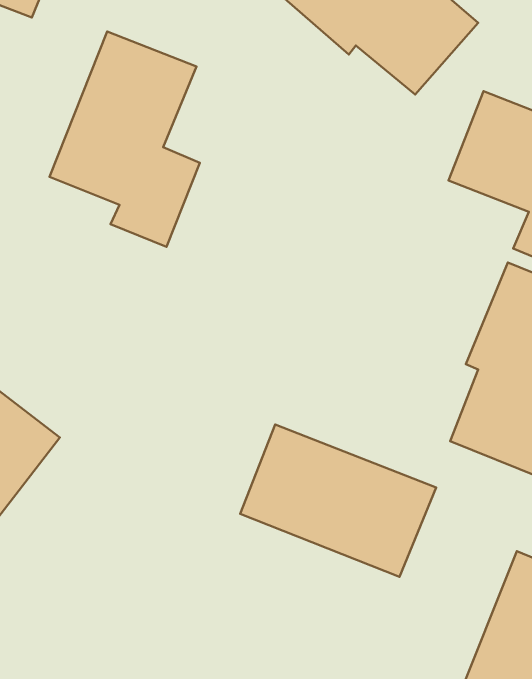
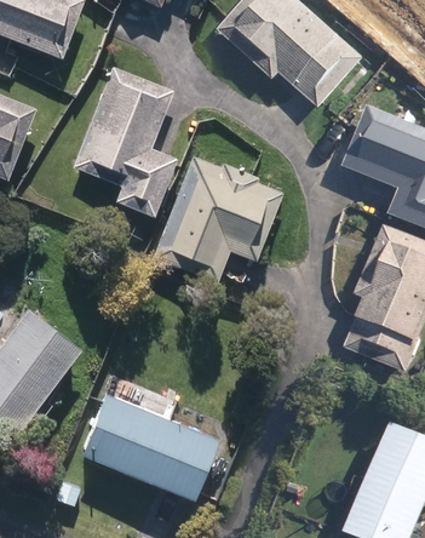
building: none -> [154,156,282,279]
building: [240,425,436,577] -> [79,393,214,498]

